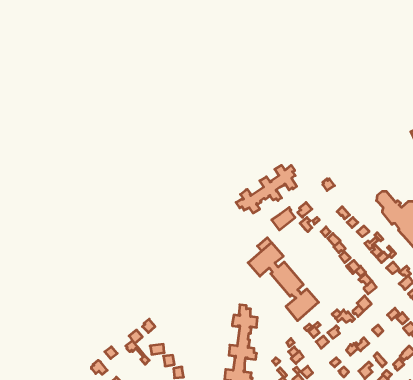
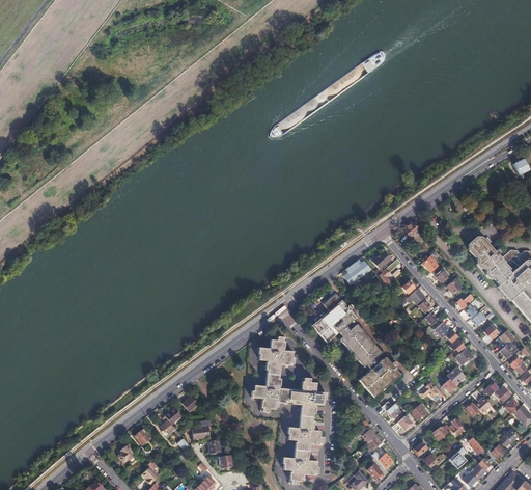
building: [236,165,297,213] -> none
building: none -> [251,336,294,411]

